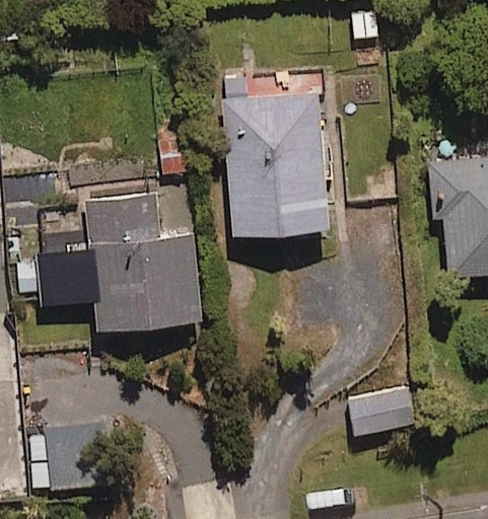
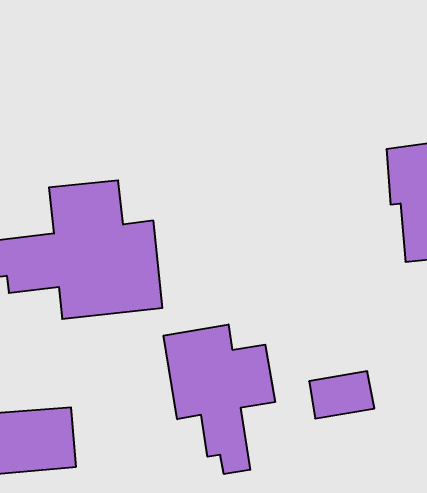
building: [223,72,330,238] -> none
building: none -> [164,324,275,474]

